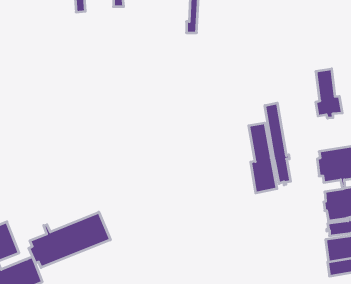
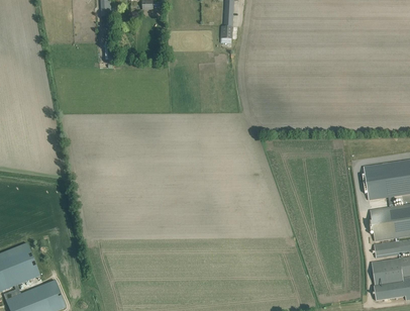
building: [316,69,342,118] -> none
building: [249,103,291,193] -> none
building: [29,212,110,268] -> none

